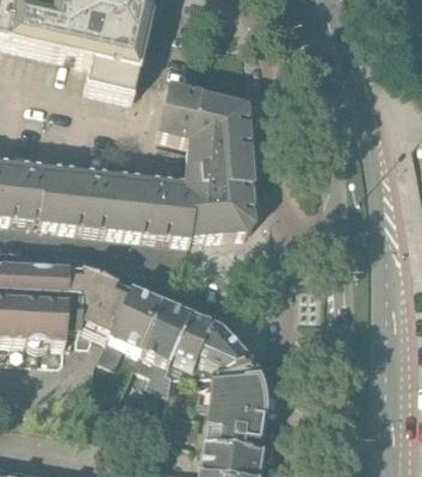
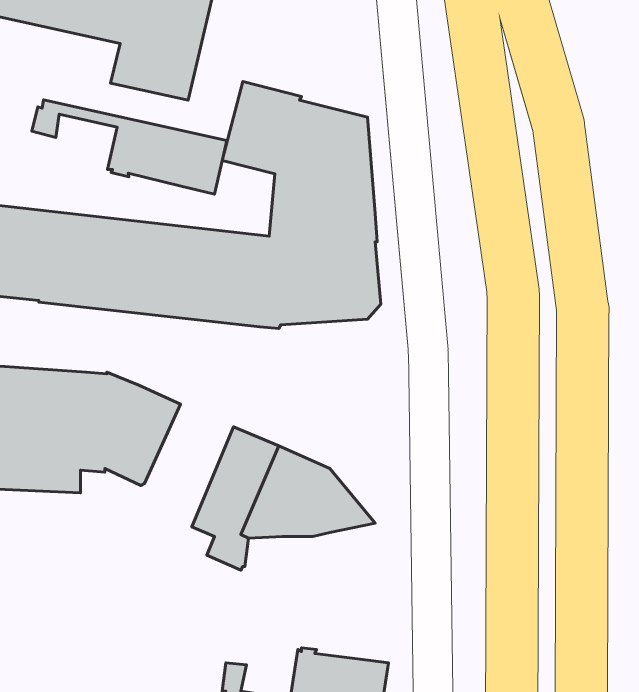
building: none -> [32,100,227,194]
building: [108,285,165,364] -> none
building: [166,360,269,446] -> none

